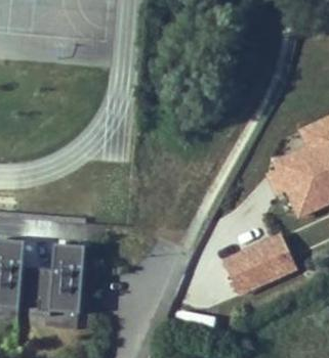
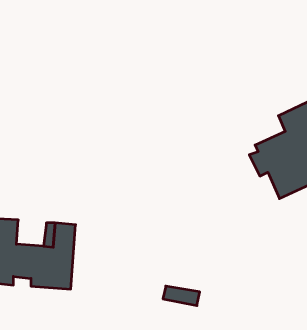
building: [230,234,297,288] -> none

